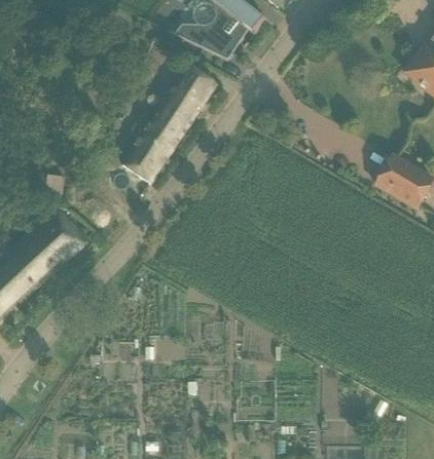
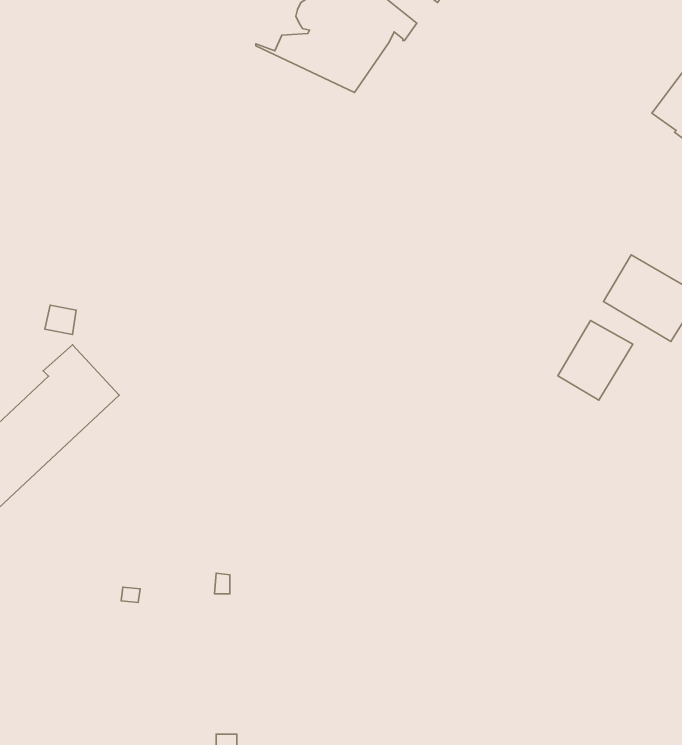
building: [122,65,215,182] -> none
building: none -> [558,321,633,400]

